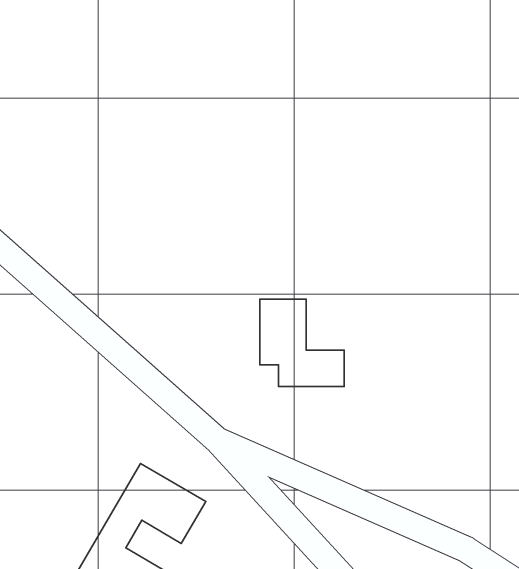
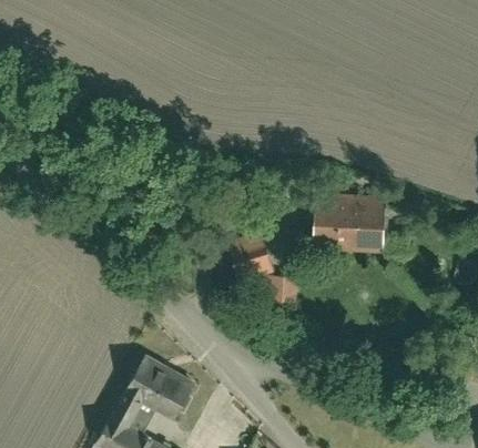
building: none -> [314,193,387,253]

